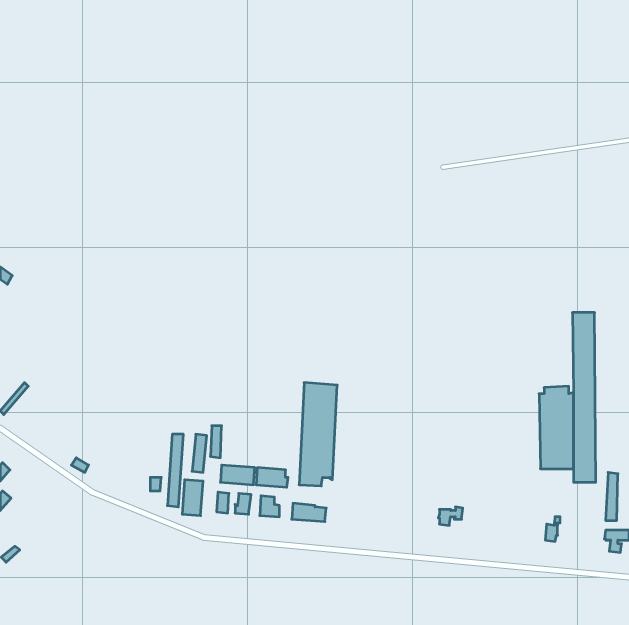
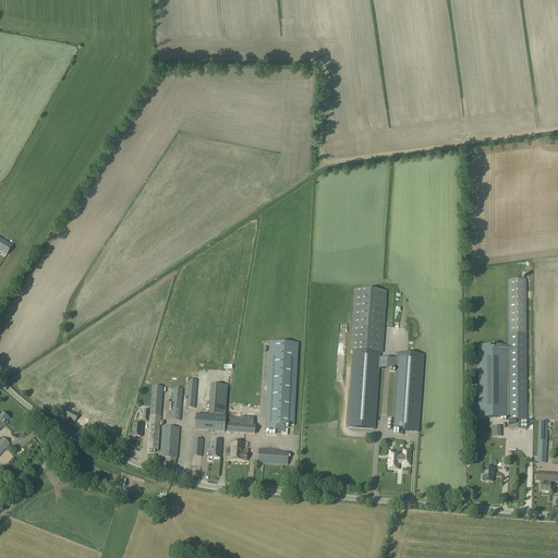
building: none -> [348,288,387,427]
building: none -> [391,350,423,428]
building: none -> [209,381,228,412]

